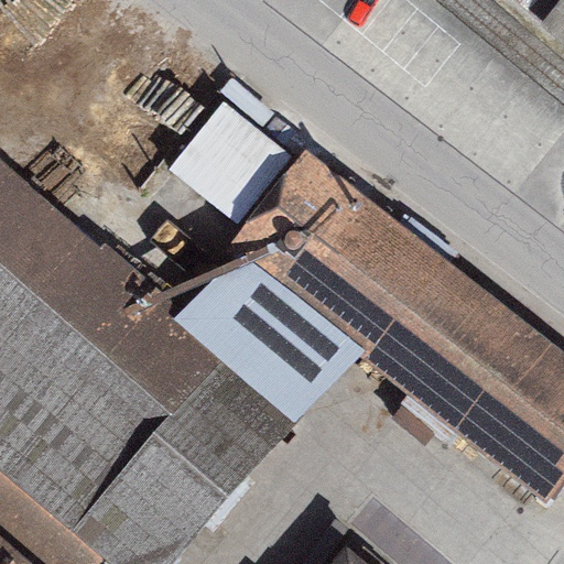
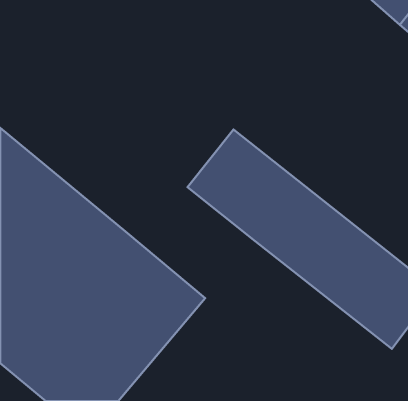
building: [176,102,285,212] -> none
building: [176,257,354,409] -> none

